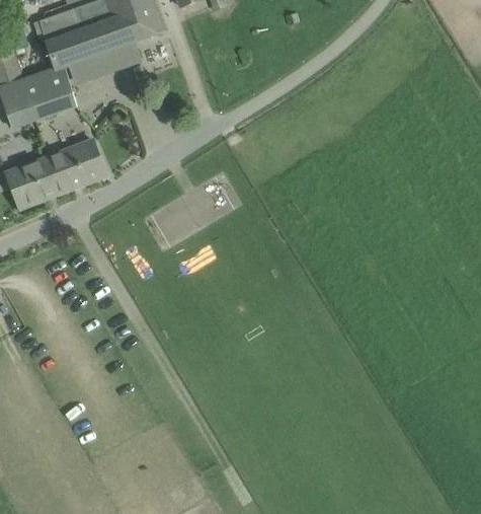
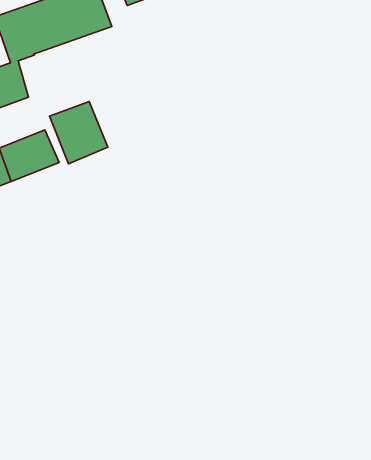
building: none -> [49,102,108,164]

